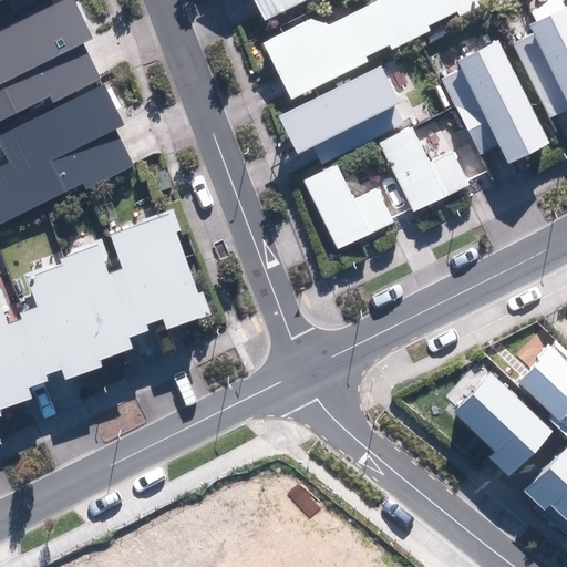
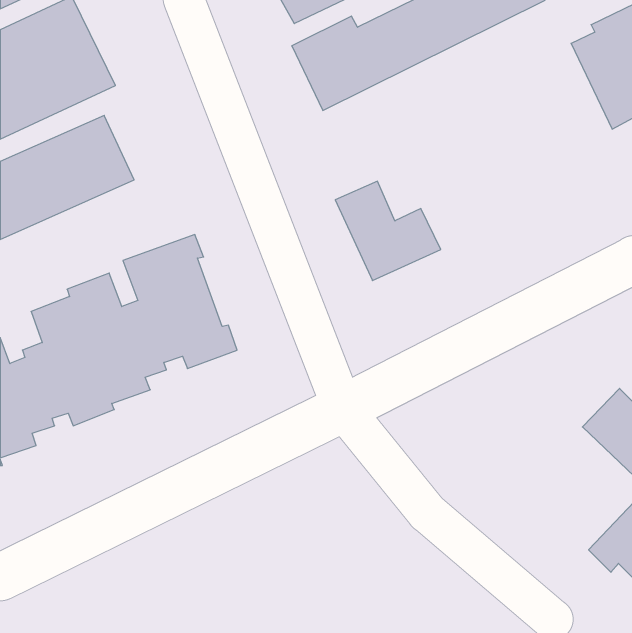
building: [439,41,544,159] -> none
building: [275,62,405,163] -> none
building: [378,126,472,215] -> none
building: [455,371,555,476] -> none

